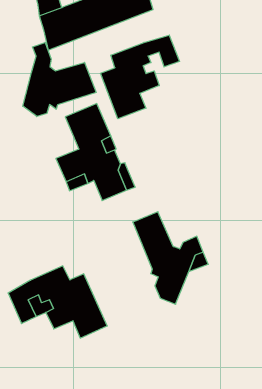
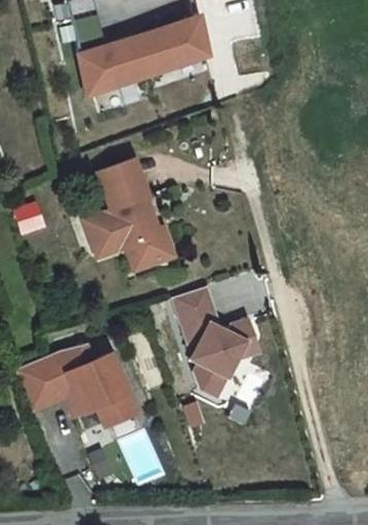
building: [101,35,180,119] -> none
building: [23,42,96,117] -> none

